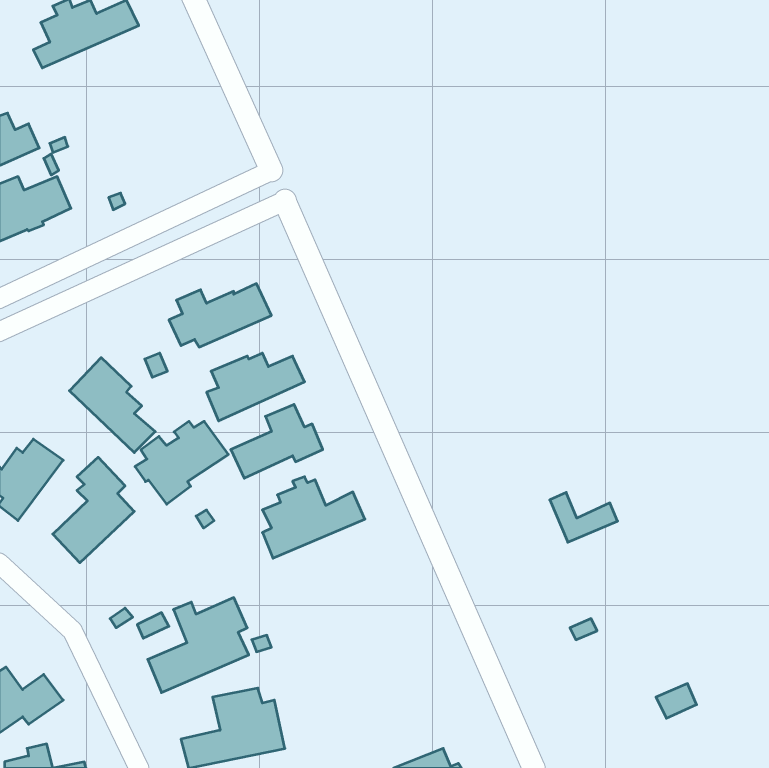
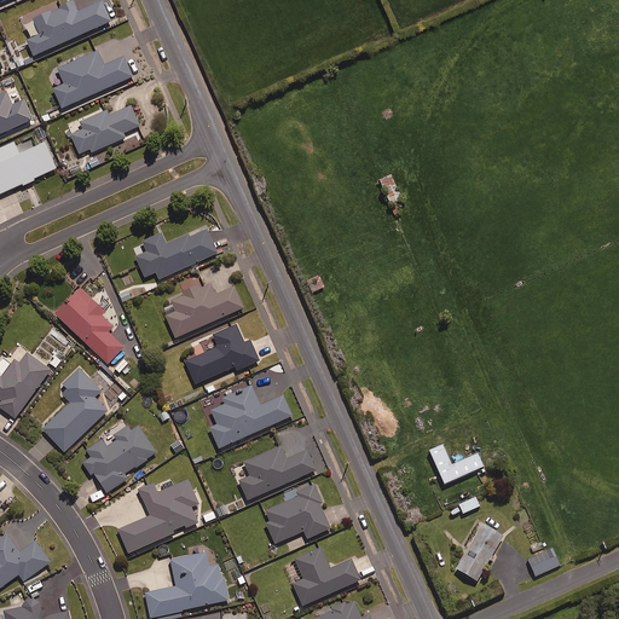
building: none -> [53,48,132,108]
building: none -> [70,105,139,154]
building: [135,421,228,504] -> [82,426,157,492]
building: [550,492,618,542] -> [428,444,482,484]
building: none -> [239,445,317,499]
building: none -> [266,482,330,543]
building: none -> [455,523,502,582]
building: none -> [293,546,360,604]

